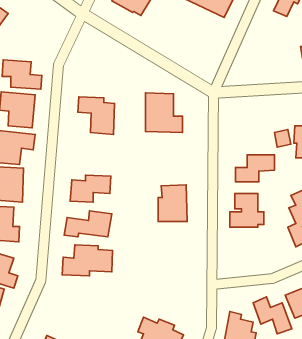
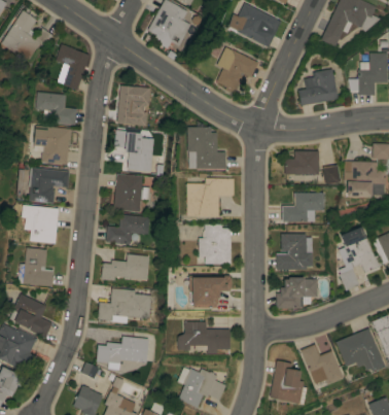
building: none -> [208,40,260,94]
building: none -> [55,44,90,91]
building: none -> [300,69,340,105]
building: none -> [117,87,150,125]
building: none -> [285,151,319,175]
building: none -> [115,175,142,211]
building: none -> [185,178,234,216]
building: none -> [190,277,231,308]
building: none -> [276,277,317,309]
building: none -> [177,321,229,354]
building: none -> [96,337,149,370]

